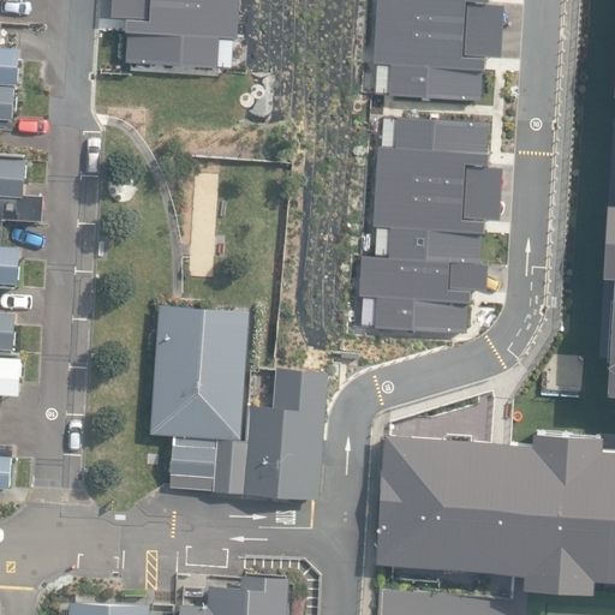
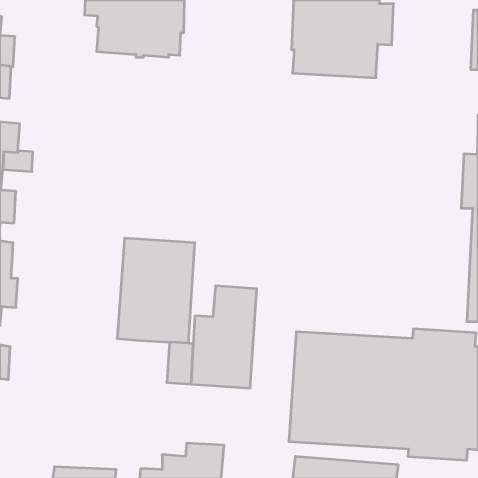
building: [359,119,503,332] -> none
building: [171,437,217,491] -> none

